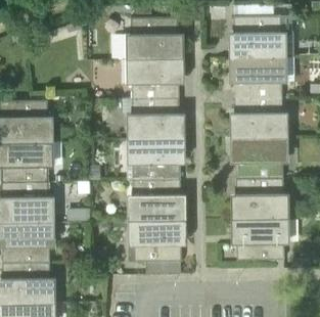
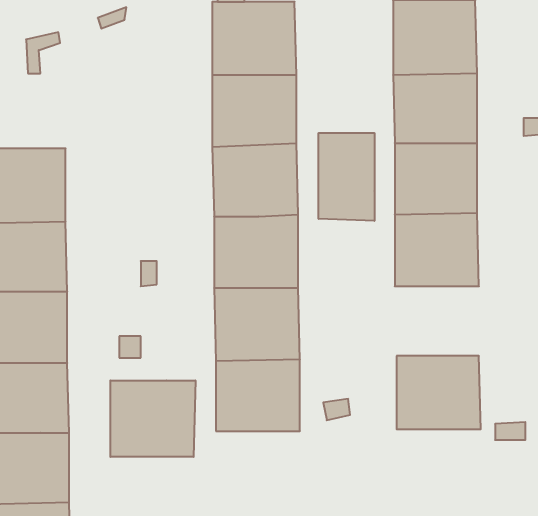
building: none -> [319,133,374,221]
building: [235,179,283,219] -> none
building: none -> [110,380,195,457]

